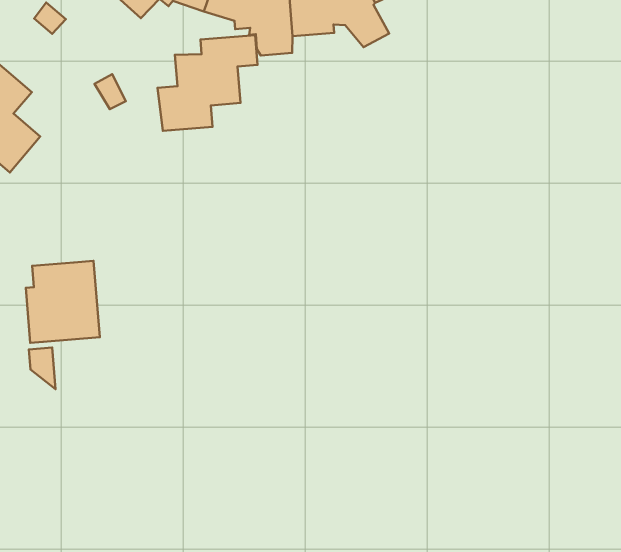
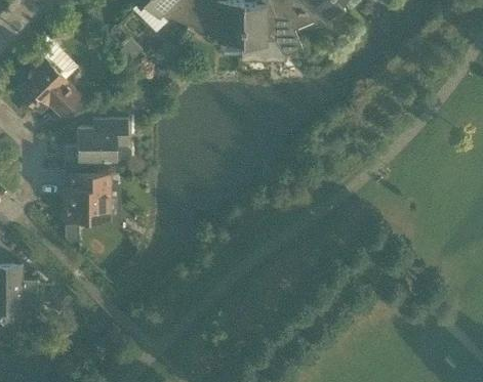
building: [158,35,258,131] -> [66,121,128,175]

